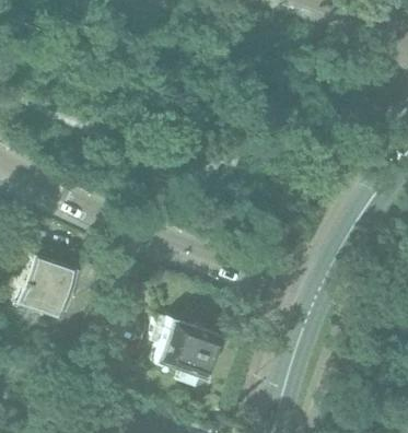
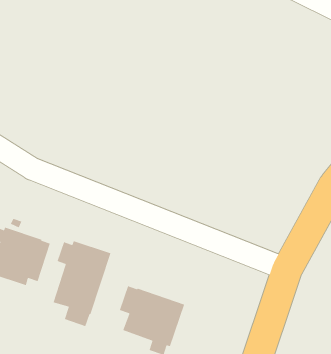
building: none -> [53,240,111,327]

